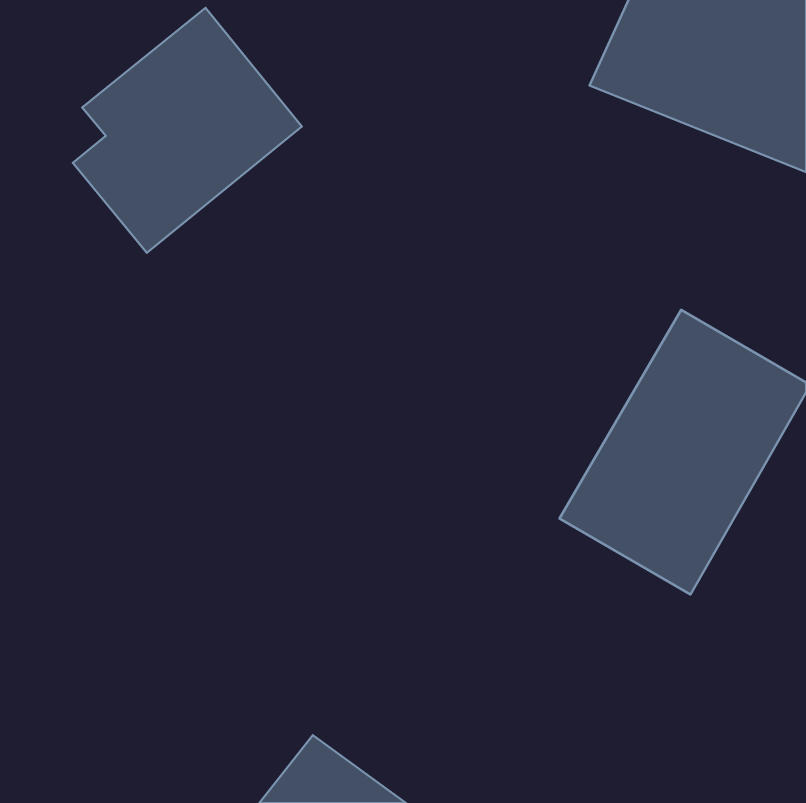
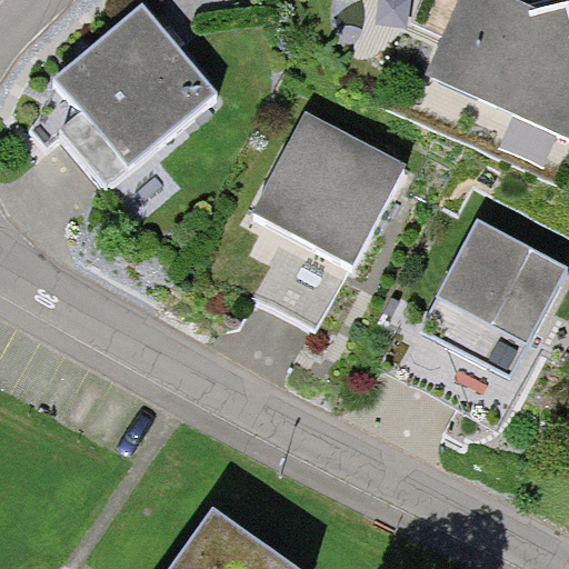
building: none -> [257,114,409,320]

